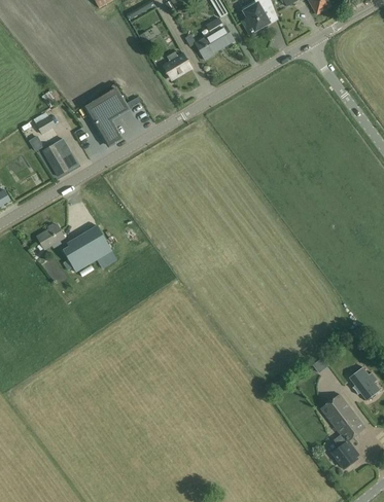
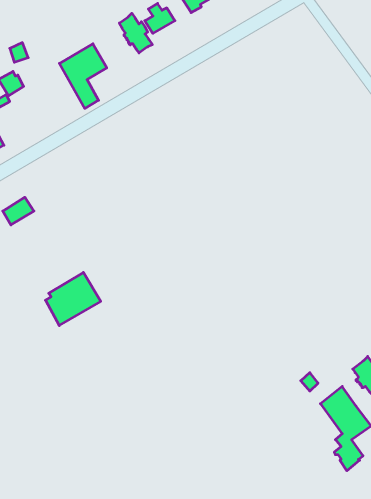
building: none -> [119,13,152,53]
building: [41,139,77,176] -> none
building: [62,224,111,272] -> [45,272,101,326]

